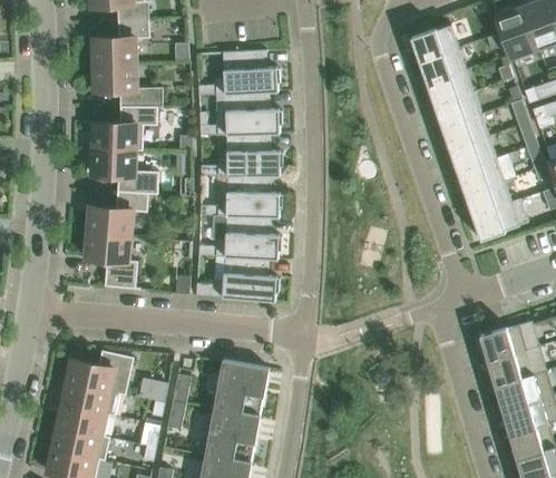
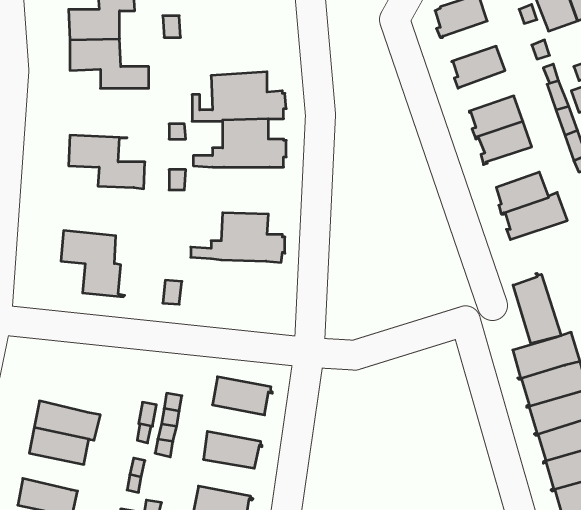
building: [418,48,465,85] -> none
building: [197,50,279,96] -> none
building: [433,91,480,129] -> none
building: [91,107,156,150] -> none
building: [456,155,514,194] -> none
building: [198,176,281,218] -> none
building: [86,193,147,236] -> none
building: [195,257,277,302] -> none
building: none -> [513,273,561,344]
building: [65,351,133,394] -> none
building: [212,384,262,417] -> none
building: [50,427,108,461] -> none
building: [204,432,253,465] -> none

